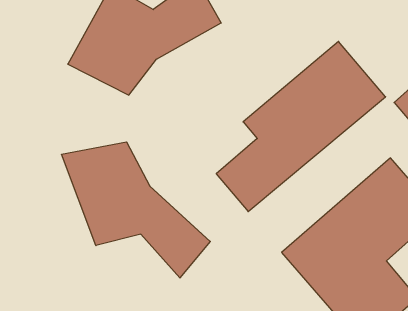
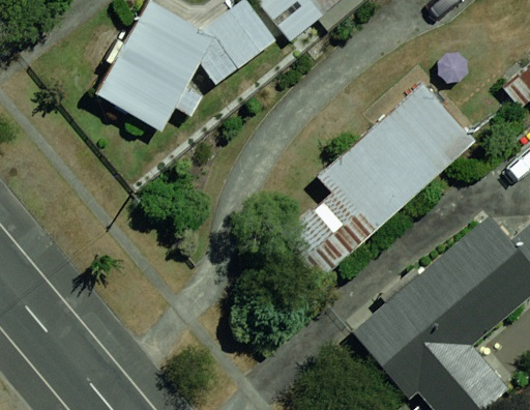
building: [62,142,210,278] -> none

